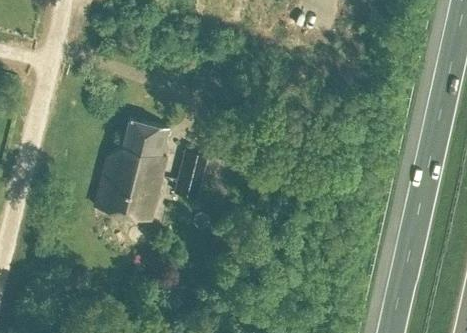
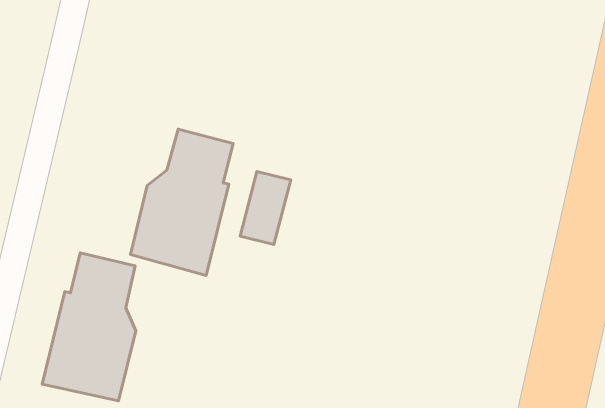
building: none -> [42,253,136,401]

